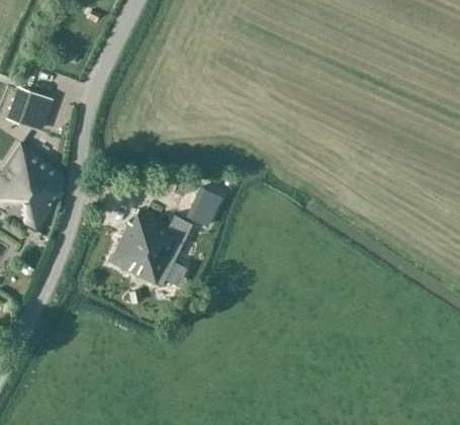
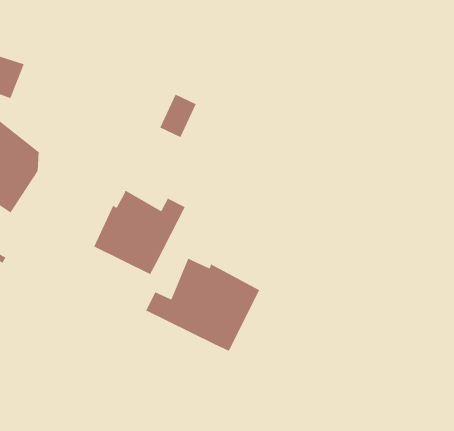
building: [186,186,219,226] -> [159,94,197,138]
building: none -> [145,257,260,352]

